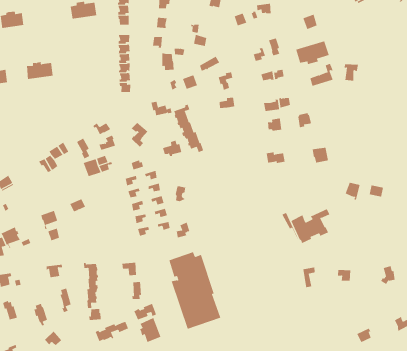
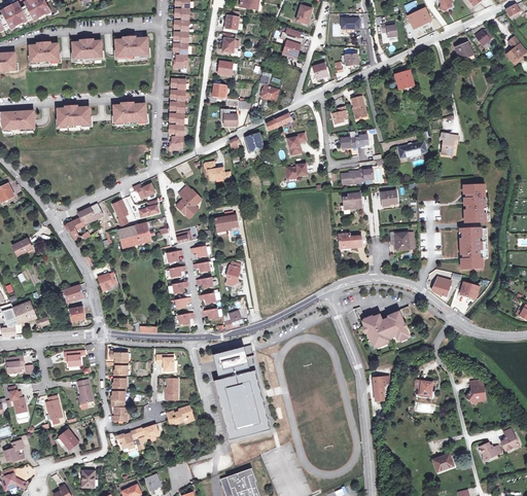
building: none -> [72,39,101,59]
building: [295,40,329,65] -> none
building: none -> [113,102,145,122]
building: [174,104,204,153] -> none
building: none -> [464,185,489,221]
building: none -> [461,228,487,269]
building: [139,317,161,343] -> none

